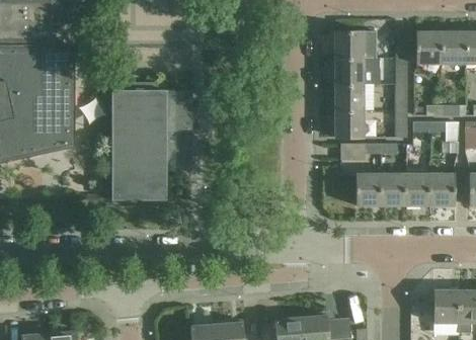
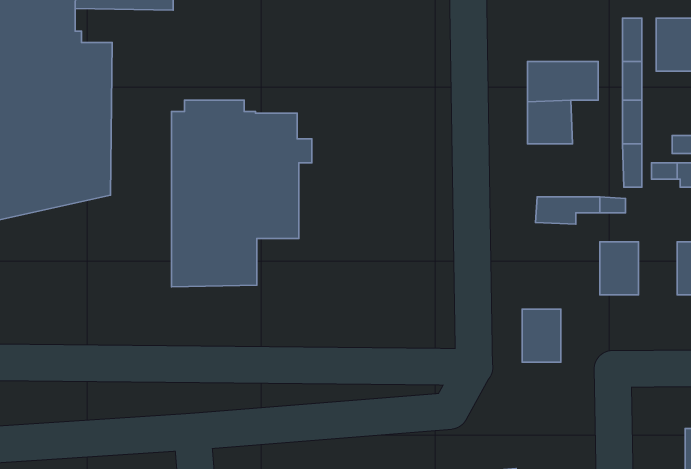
building: [335,31,377,59] -> none
building: [335,110,364,137] -> none
building: [356,172,381,205] -> [522,309,561,362]
building: [405,172,429,205] -> none

